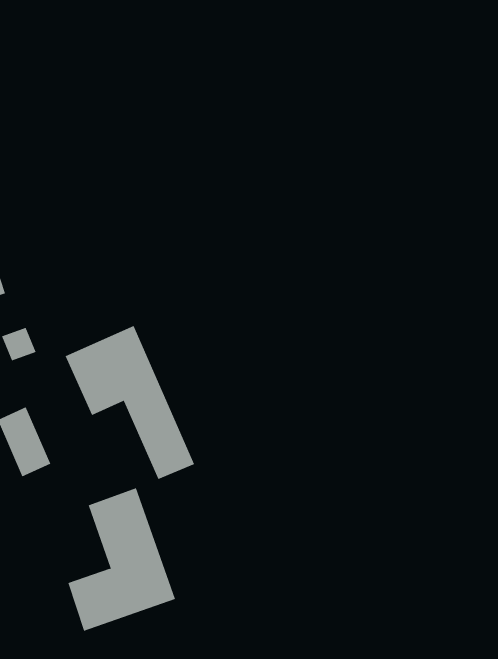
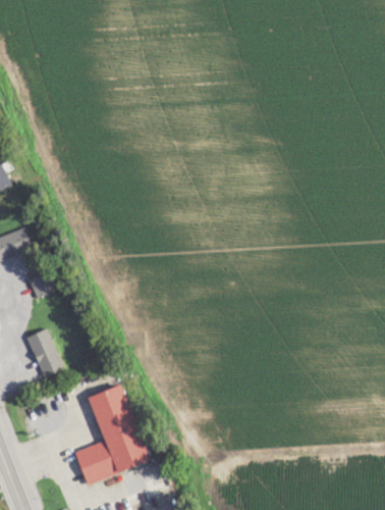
building: [65,325,195,480] -> none

